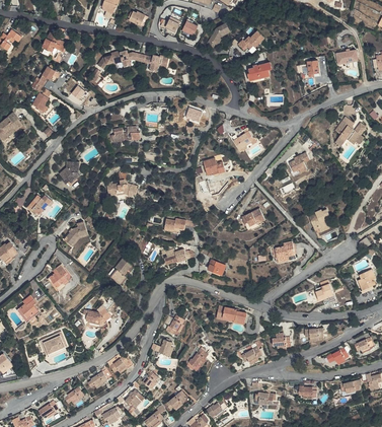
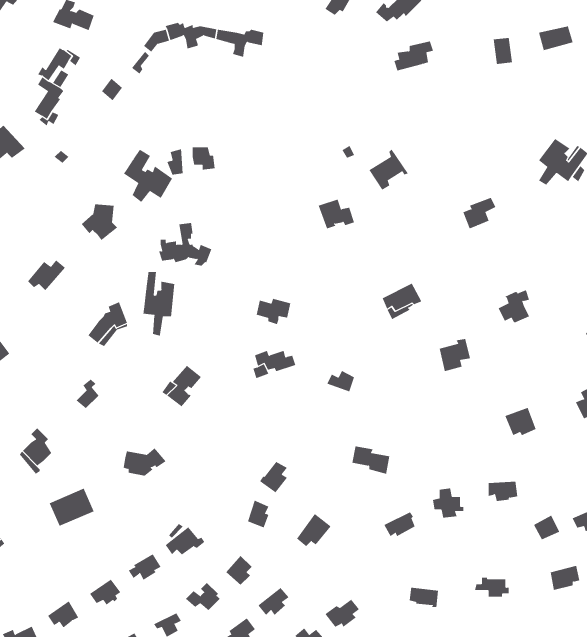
building: none -> [123,149,173,203]
building: none -> [143,271,175,336]

